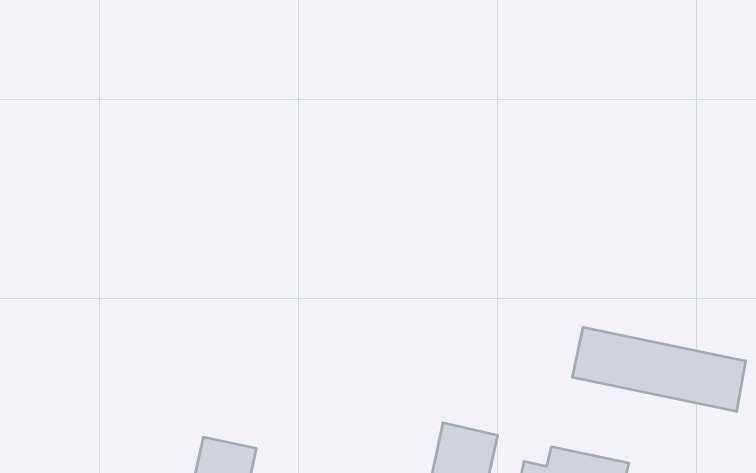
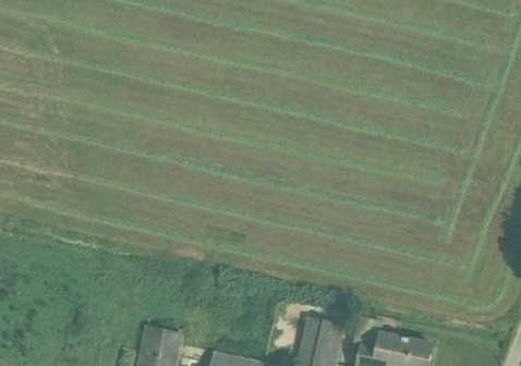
building: [572,327,746,412] -> none

